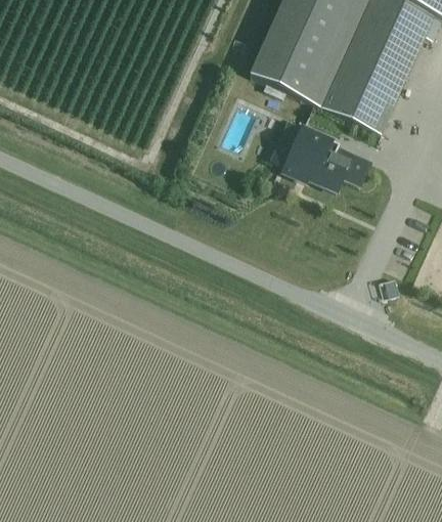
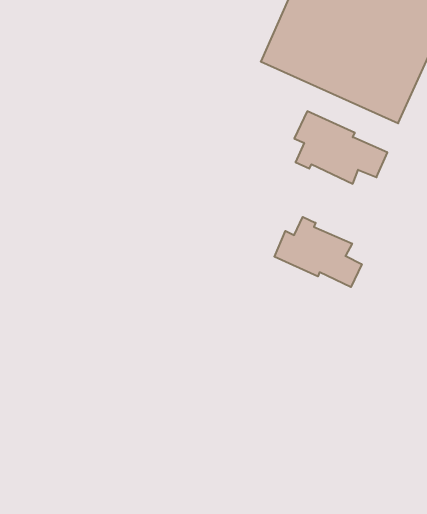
building: none -> [274,217,362,287]

